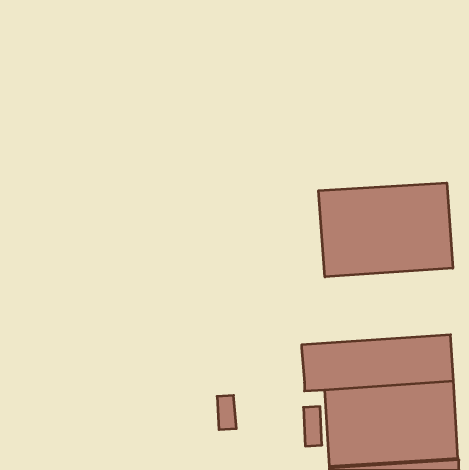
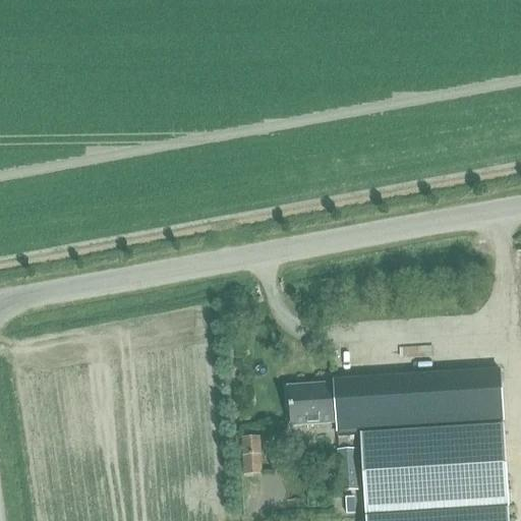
building: [319,183,453,277] -> none
building: none -> [287,385,337,426]

